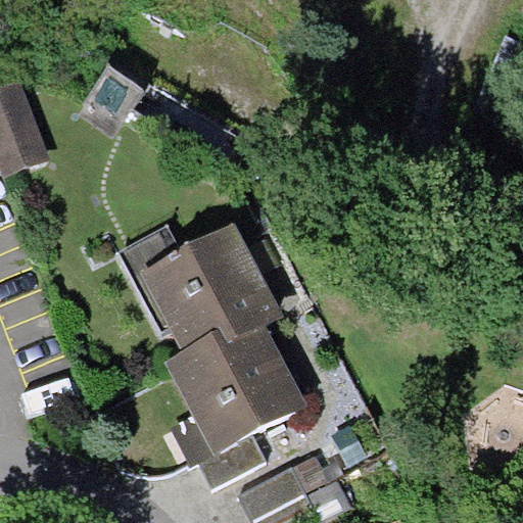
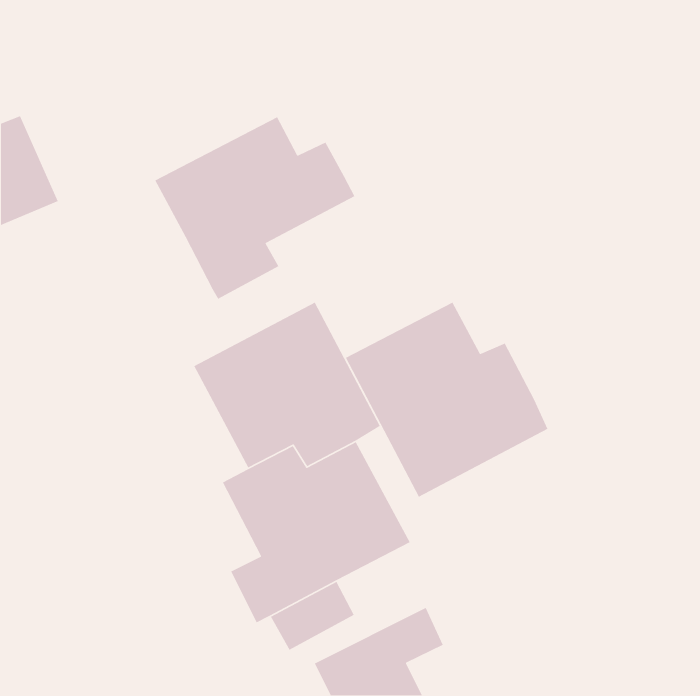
building: none -> [154,116,355,300]
building: none -> [345,302,549,498]

